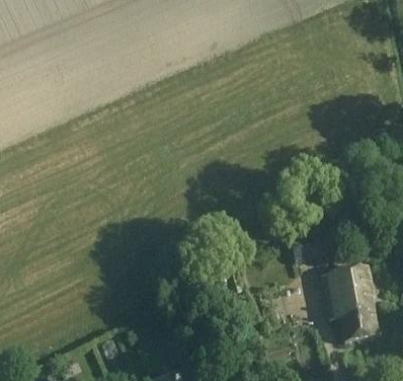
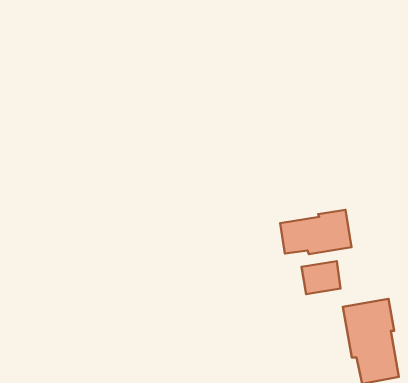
building: none -> [280,210,352,254]

